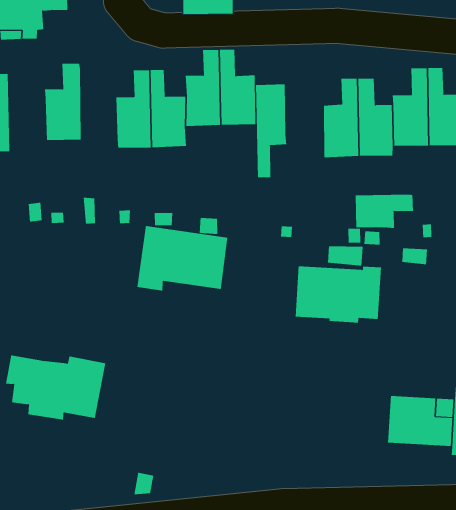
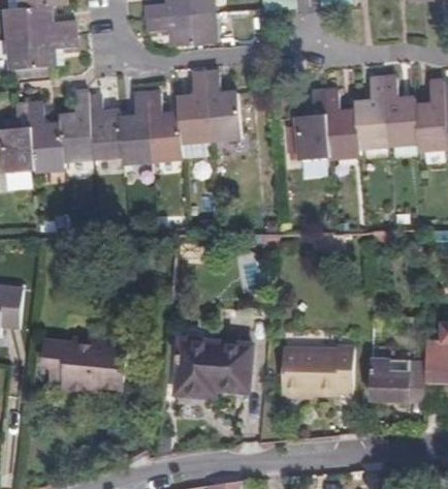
building: none -> [89,95,123,156]
building: none -> [28,102,63,170]
building: [256,83,287,178] -> none
building: [355,194,413,229] -> none
building: [137,225,228,291] -> [172,339,248,394]
building: [295,266,382,323] -> [281,359,352,407]

